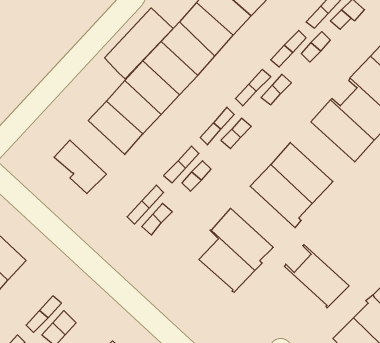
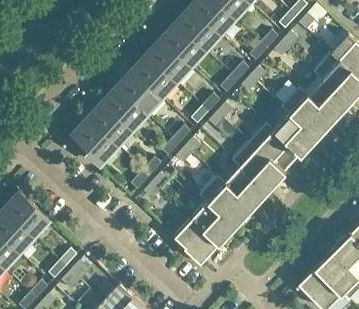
building: [105,8,173,79] -> none
building: none -> [84,105,129,149]
building: none -> [265,106,318,158]
building: [284,245,349,308] -> [216,159,269,211]
building: none -> [173,219,218,264]

